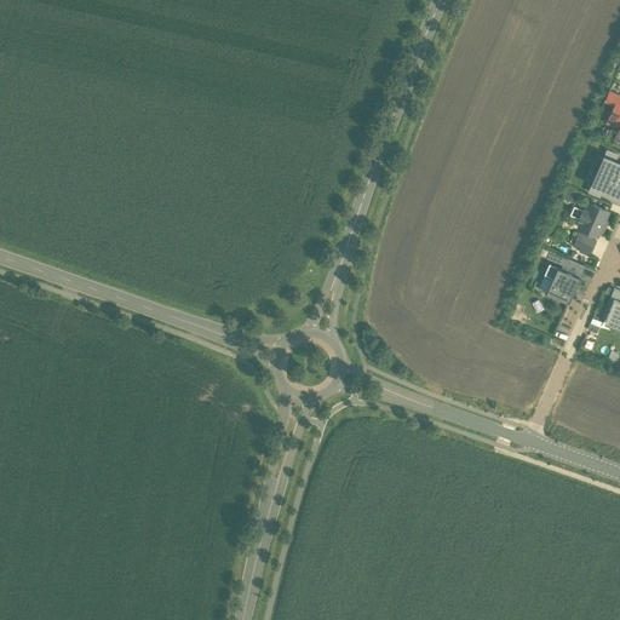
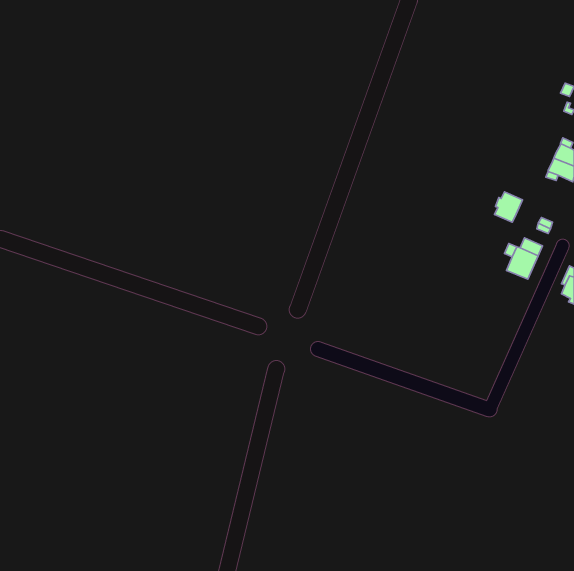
building: [578,205,608,237] -> [494,192,522,222]

